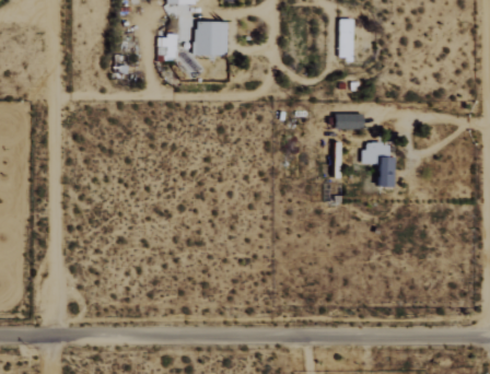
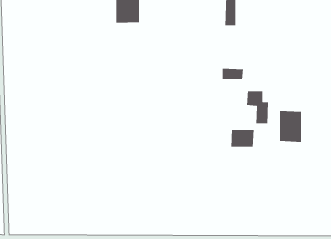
building: none -> [279,110,302,143]
building: none -> [230,129,254,148]

